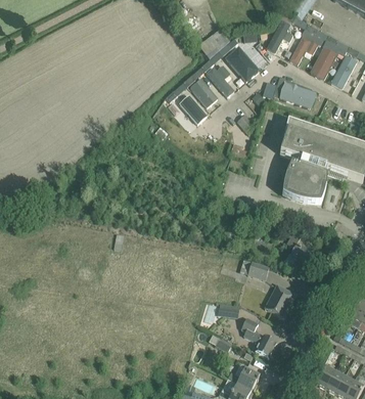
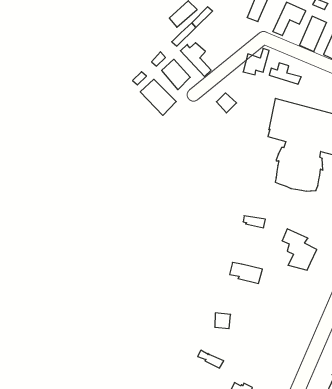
building: [225,44,260,81] -> none
building: [265,282,293,316] -> none
building: [240,316,277,356] -> none

